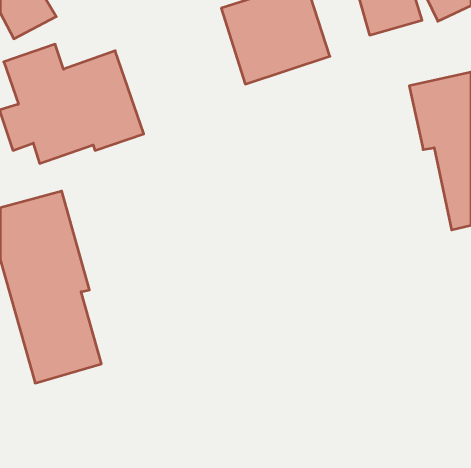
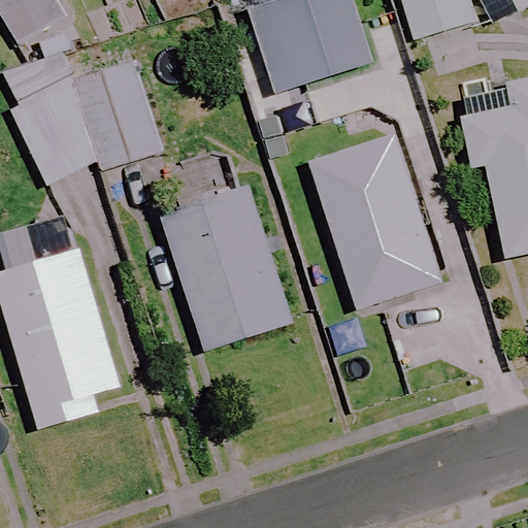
building: none -> [310,135,444,308]
building: none -> [161,188,292,350]

